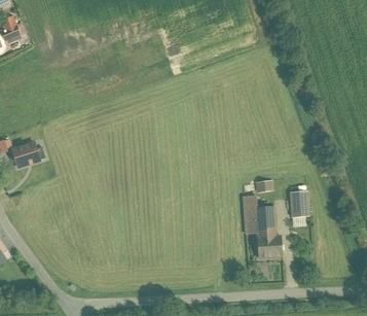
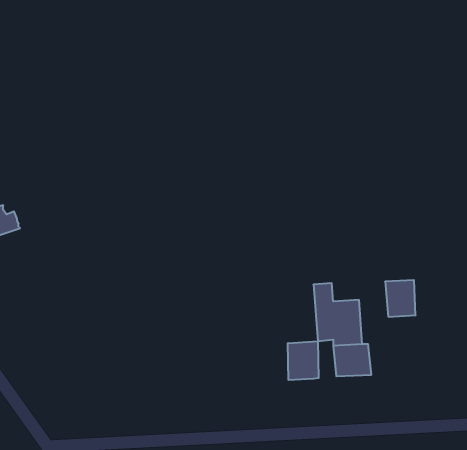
building: none -> [288,341,319,380]

